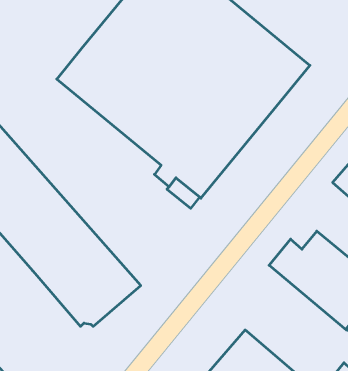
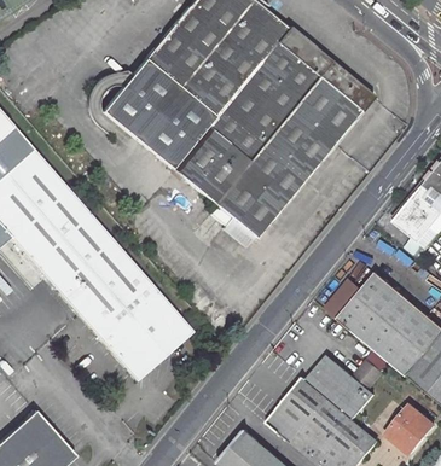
building: none -> [308,353,379,415]

